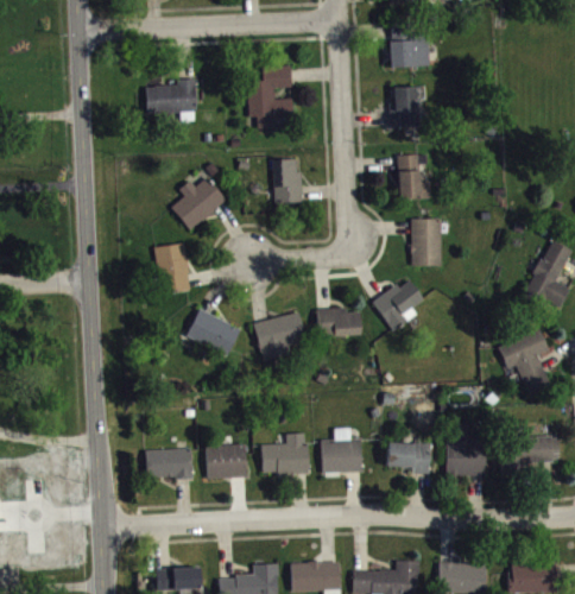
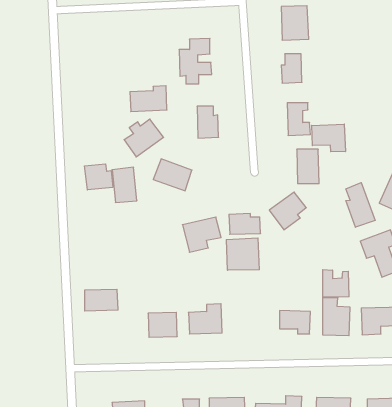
building: [145,78,196,114] -> [130,86,167,112]
building: none -> [312,124,345,152]
building: none -> [85,164,113,190]
building: none -> [346,183,375,227]
building: [187,310,240,354] -> [153,159,192,191]
building: none -> [226,238,259,270]
building: none -> [323,270,349,297]
building: [321,428,361,473] -> none
building: [146,449,192,479] -> [85,289,118,311]

